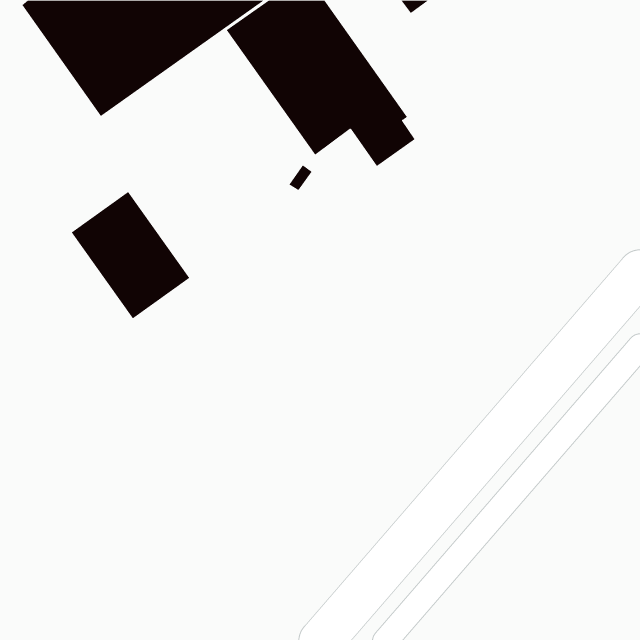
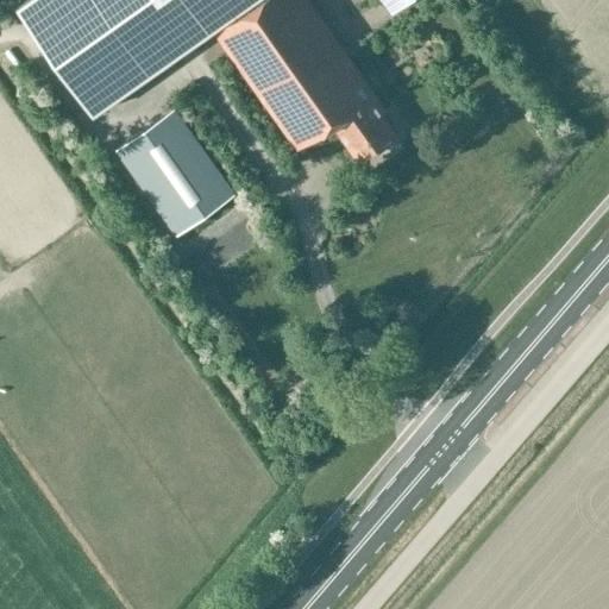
building: [71,191,190,319] -> [119,111,232,232]

